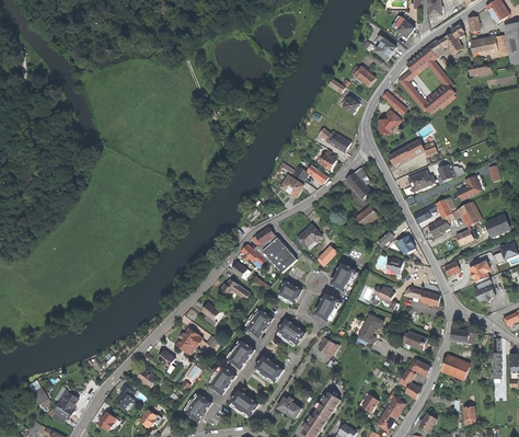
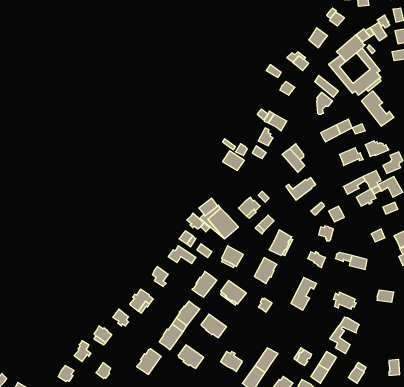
building: none -> [362,91,394,126]
building: [440,354,470,379] -> none
building: [50,388,78,423] -> none

